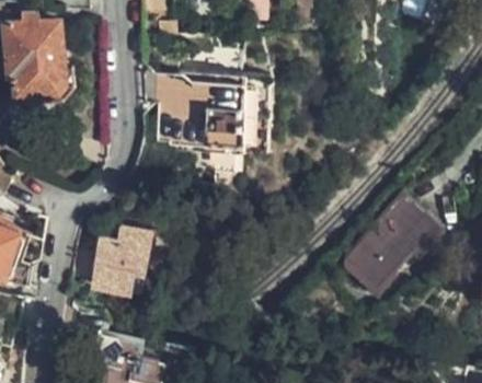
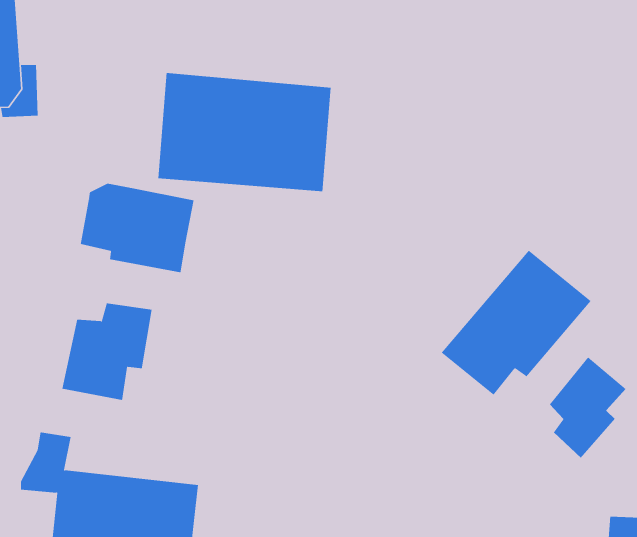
building: none -> [80,183,194,273]
building: none -> [549,356,627,458]

